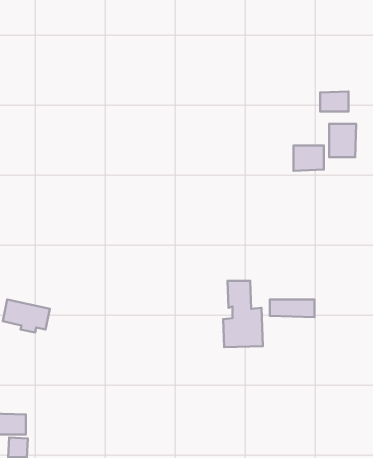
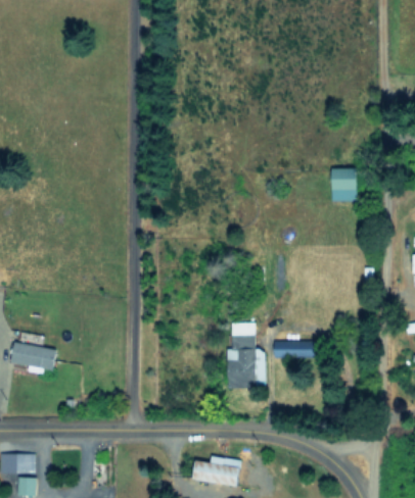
building: [320,92,349,111] -> none
building: [294,145,324,171] -> none
building: none -> [192,455,240,487]

